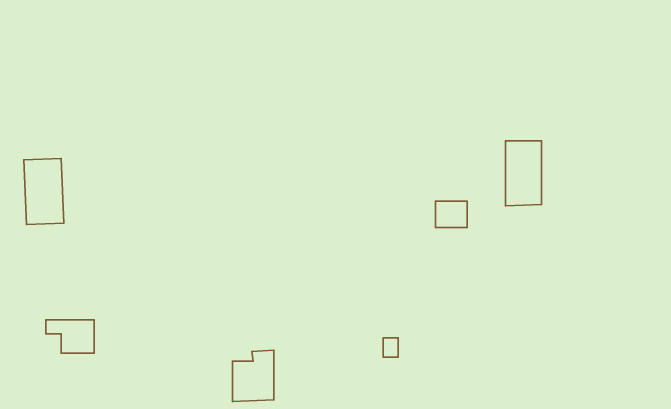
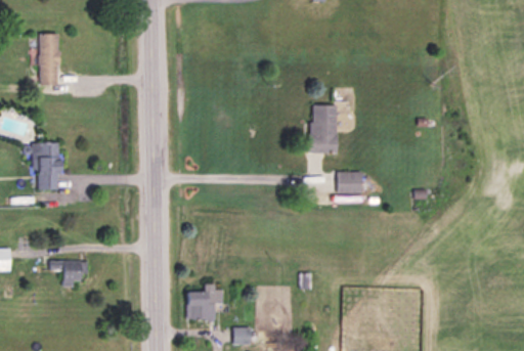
building: none -> [39,35,58,84]
building: [506,141,542,206] -> [310,105,337,153]

